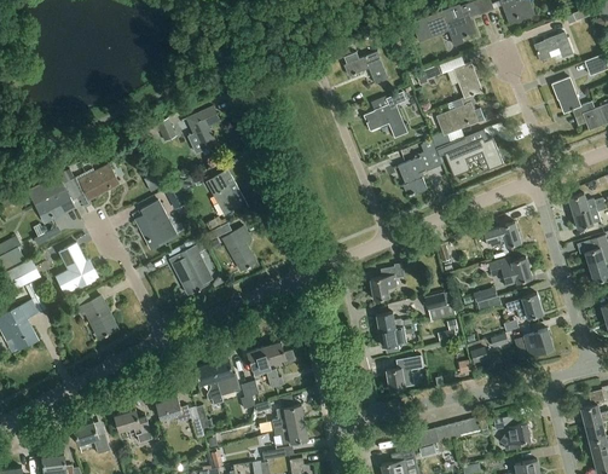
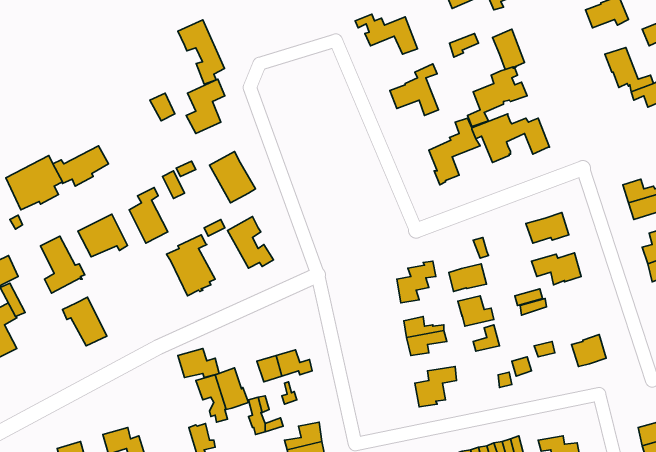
building: none -> [178,20,225,84]
building: none -> [78,214,127,257]
building: none -> [449,264,487,291]
building: [505,293,542,320] -> none
building: [155,397,191,422] -> [178,348,219,378]

